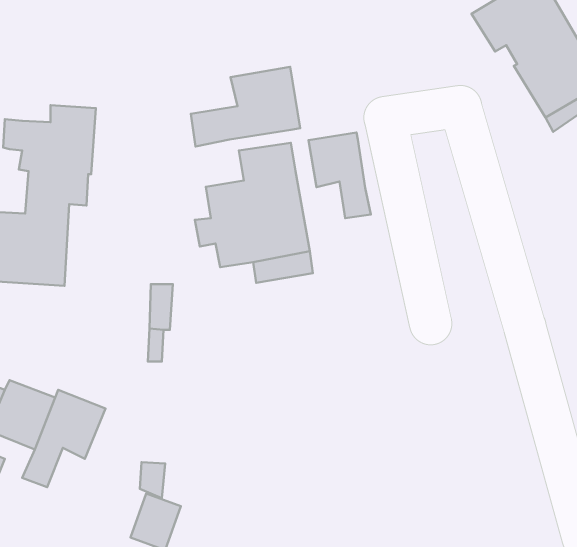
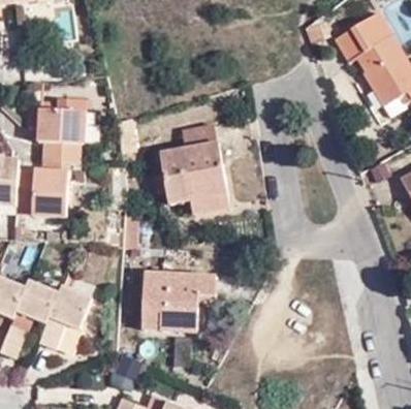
building: [191,67,300,146] -> none
building: [309,132,371,218] -> none
building: none -> [140,271,216,331]

